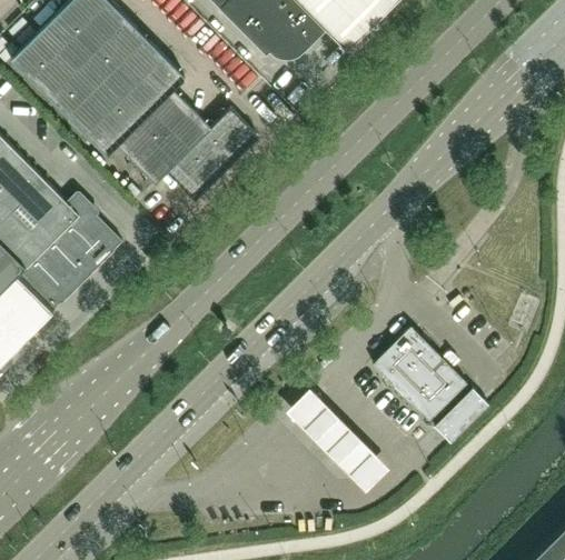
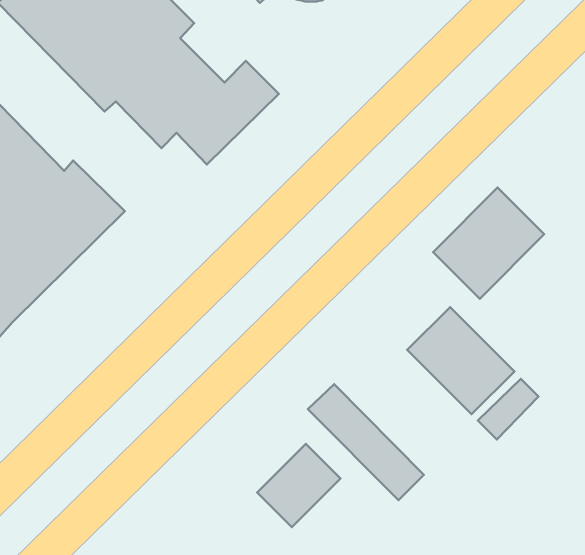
building: none -> [433,188,544,299]
building: none -> [257,444,340,527]

